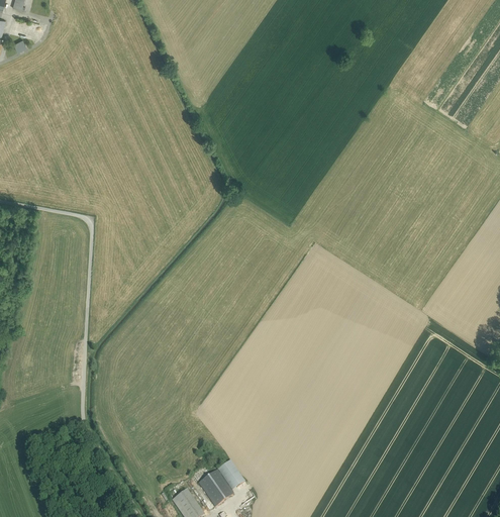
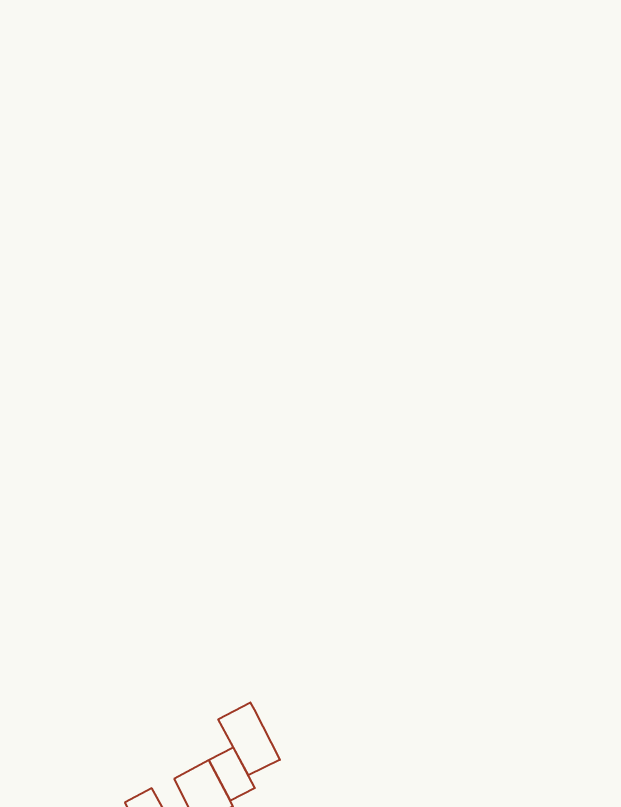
building: none -> [218,702,280,775]

